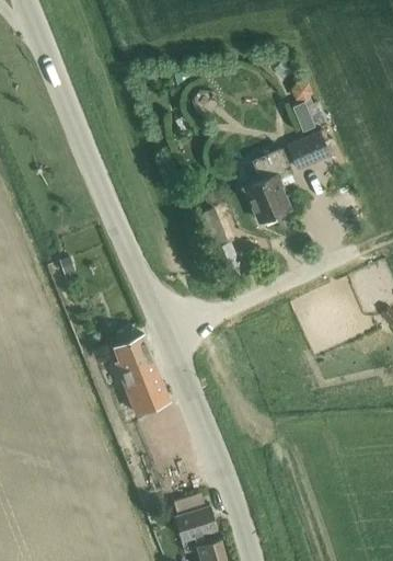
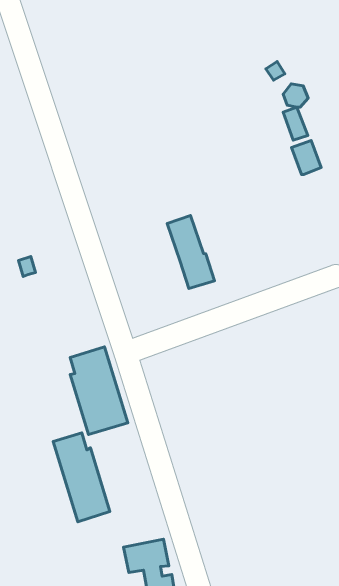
building: [244,148,293,227] -> none
building: none -> [53,433,110,522]

